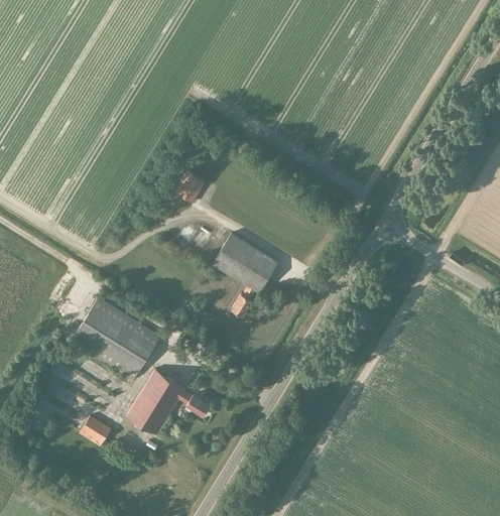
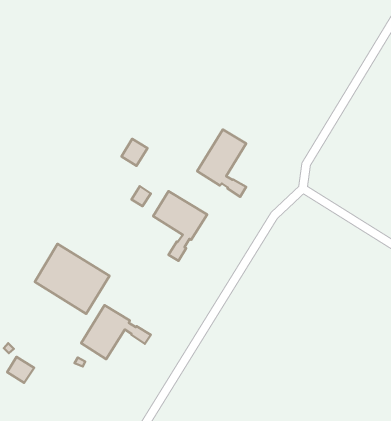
building: none -> [197,129,246,197]
building: [80,414,112,445] -> [7,357,34,383]

